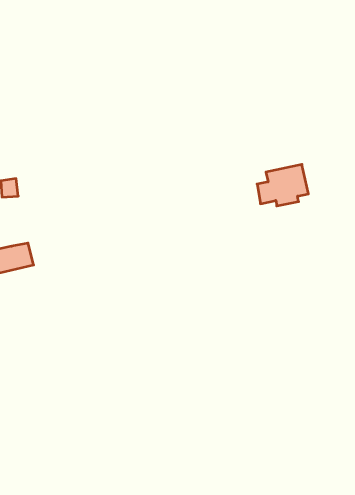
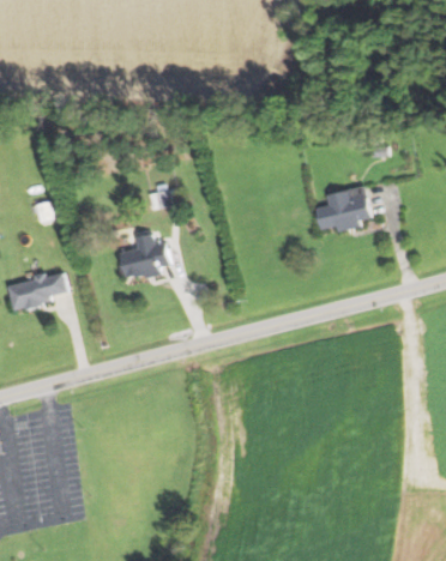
building: none -> [122,236,171,280]

